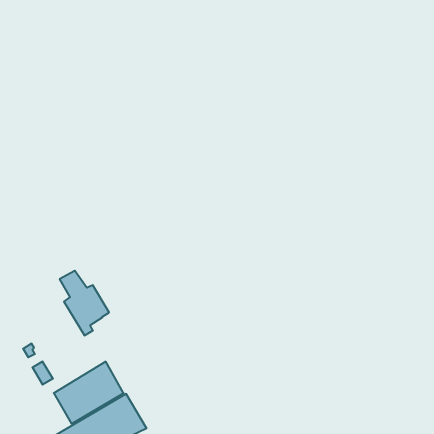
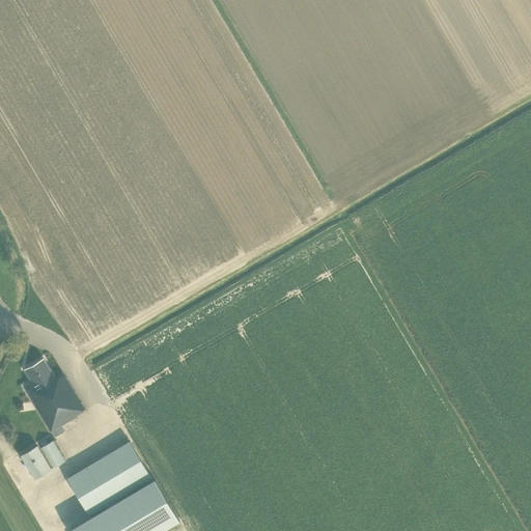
building: [60,271,109,335] -> [23,360,83,439]
building: none -> [19,447,51,481]

